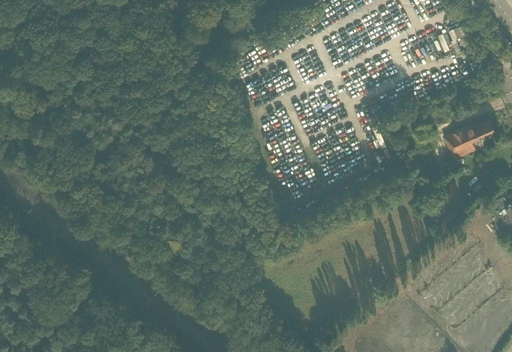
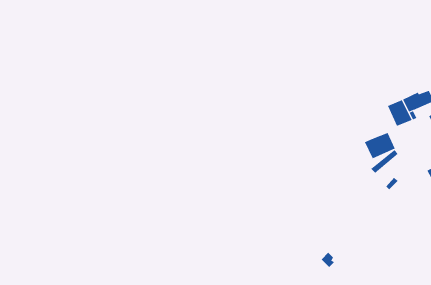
building: none -> [364,132,396,159]

